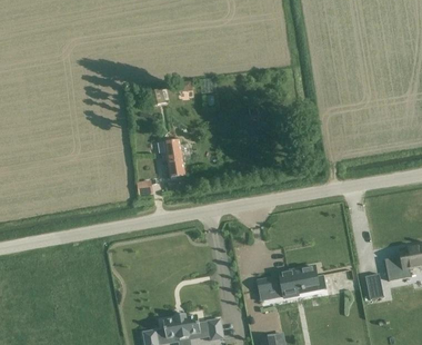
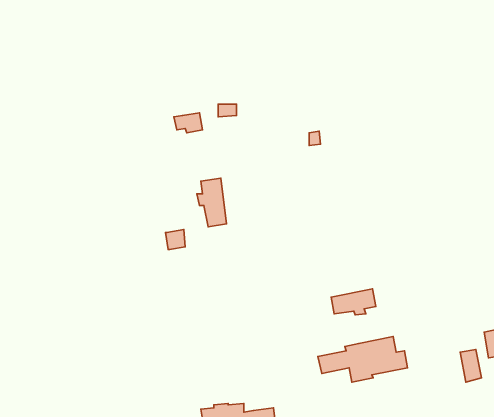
building: none -> [331,289,376,315]

